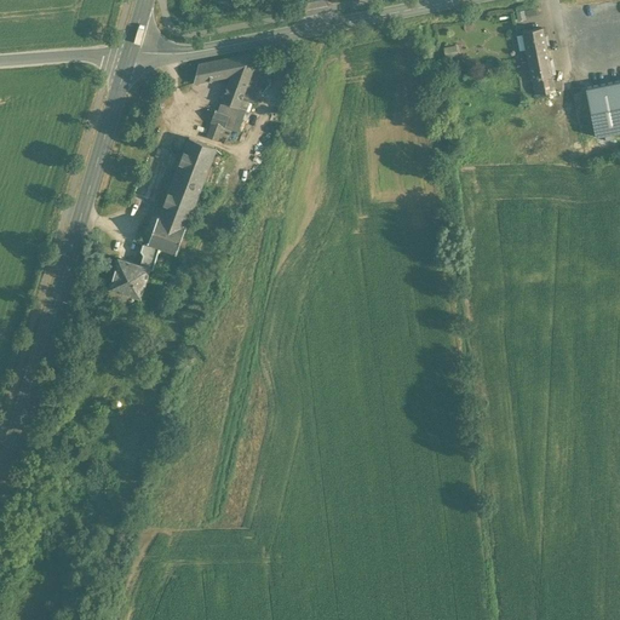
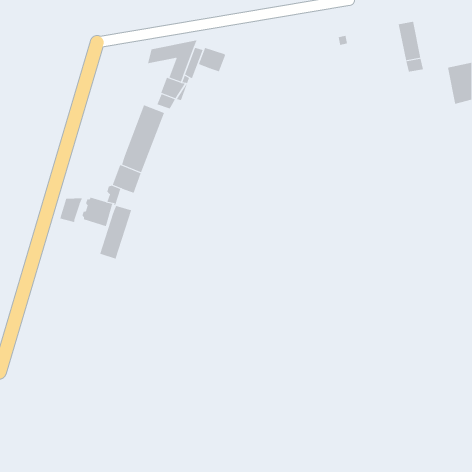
building: none -> [198,47,226,72]
building: none -> [59,198,83,223]
building: none -> [99,205,132,259]

